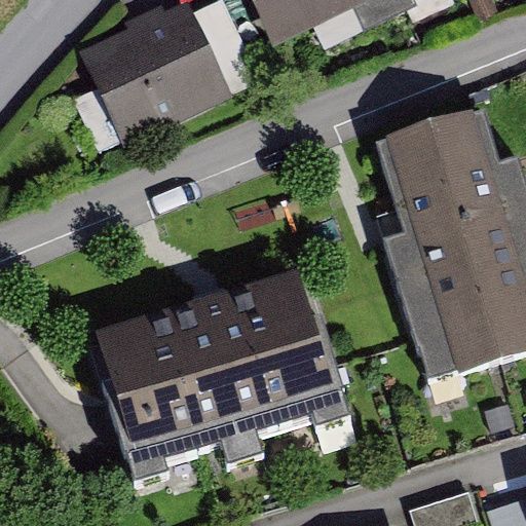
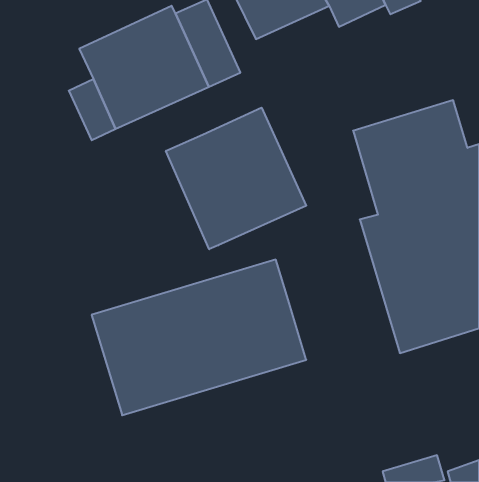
building: none -> [166,108,306,249]
building: [103,320,352,491] -> none

